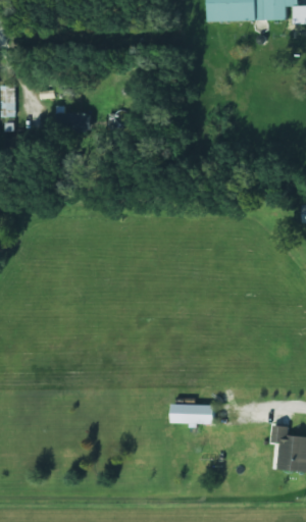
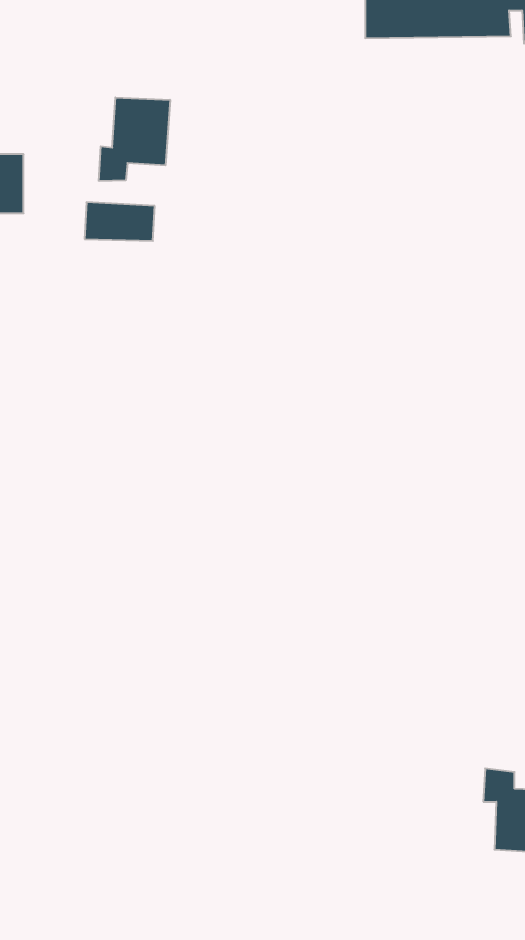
building: none -> [99,97,170,181]
building: [169,404,212,424] -> none

